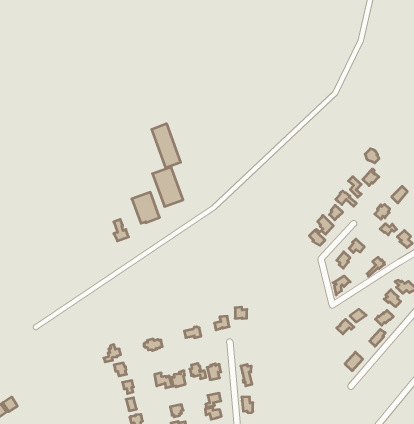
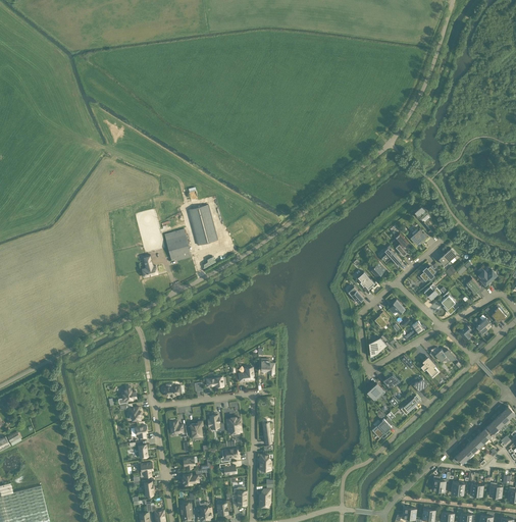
building: [152,124,181,168] -> none

